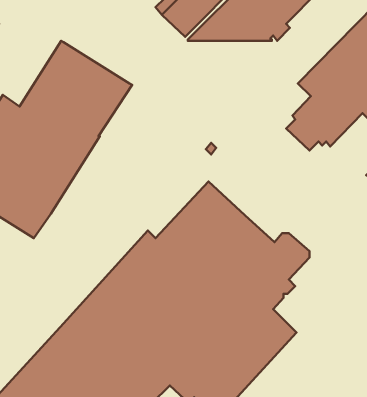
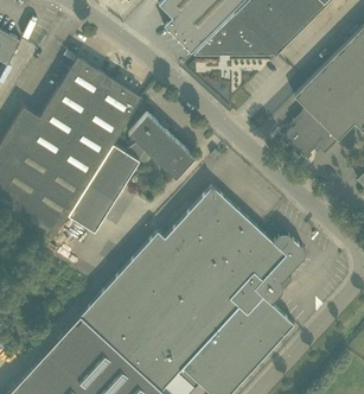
building: none -> [68,113,194,233]

